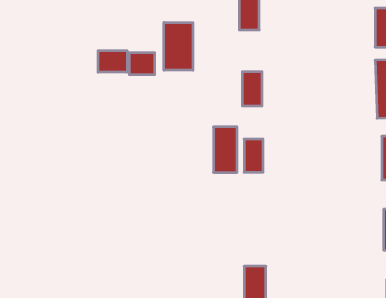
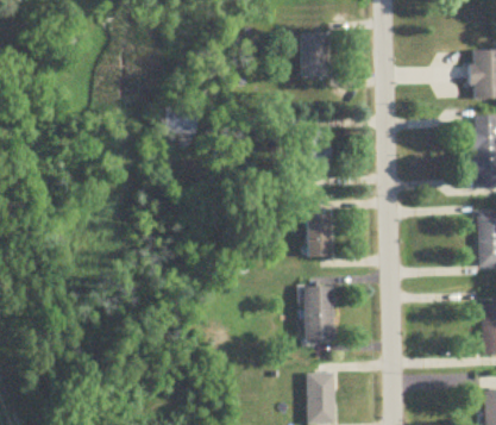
building: [164,22,193,70] -> none
building: [98,51,127,72] -> none
building: [213,127,237,172] -> [303,286,333,343]

